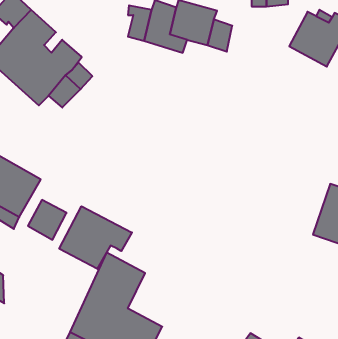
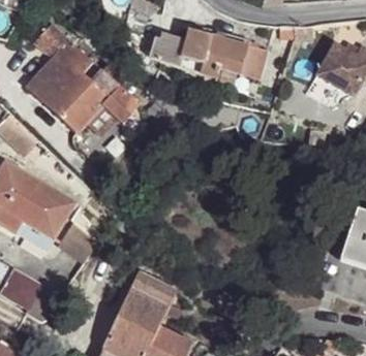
building: [59,206,132,269] -> none

